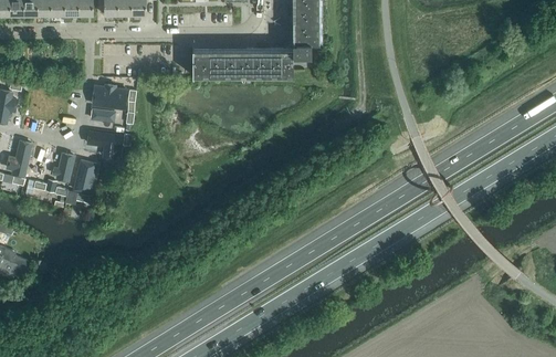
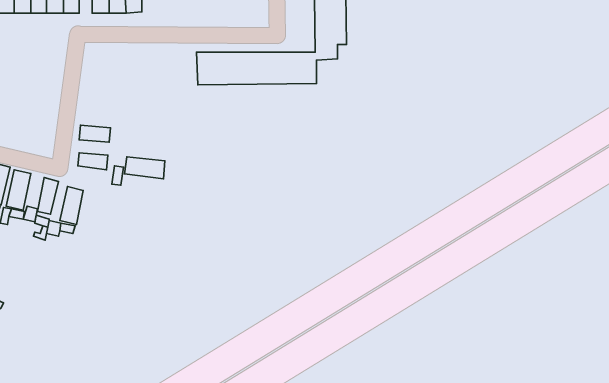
building: [93,88,127,107] -> [124,157,165,179]

